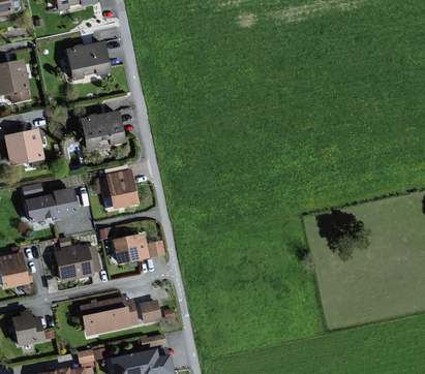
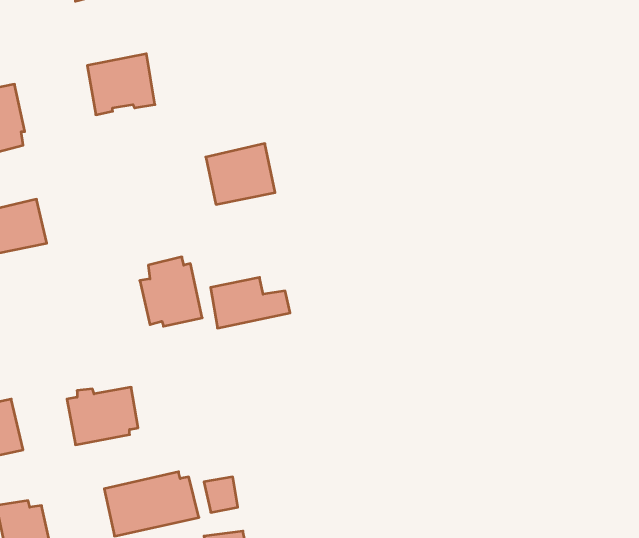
building: [82,111,124,148] -> [206,144,275,204]
building: [25,187,78,222] -> none
building: [114,233,162,264] -> [211,277,290,328]

